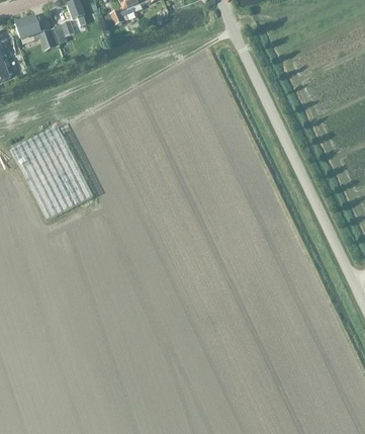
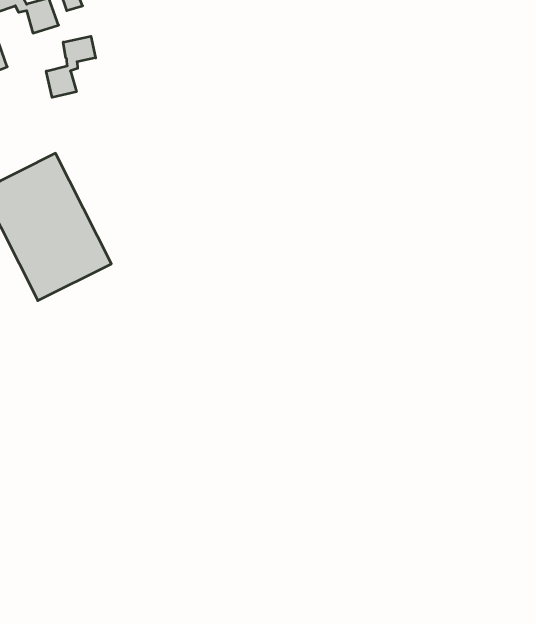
building: none -> [46,36,96,97]

